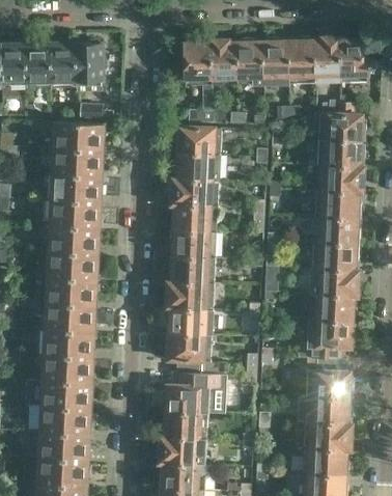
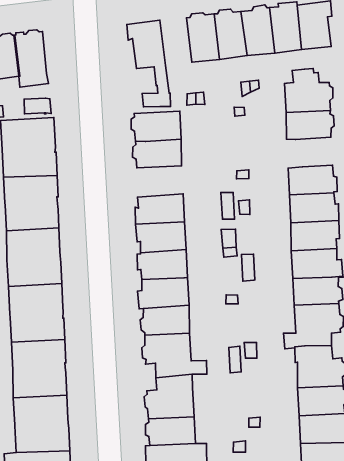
building: [211,39,236,85] -> none
building: [316,164,363,192] -> none
building: [172,177,218,205] -> none

